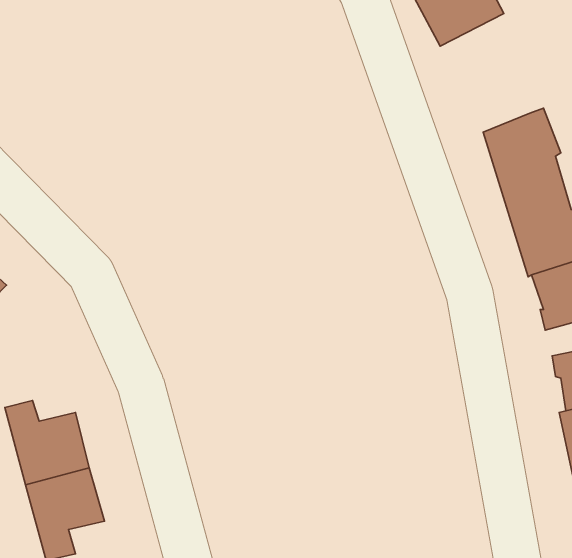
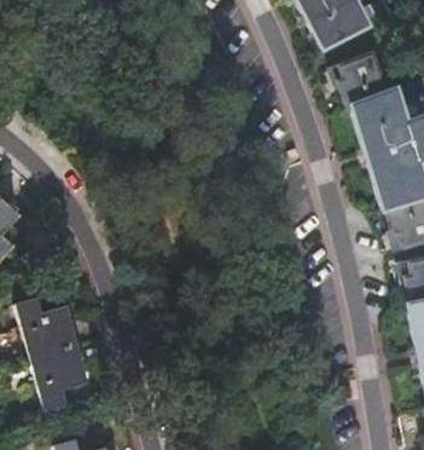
building: none -> [333,54,387,110]

